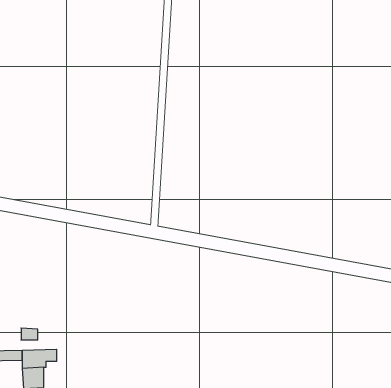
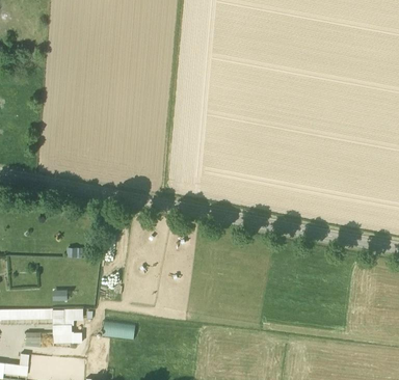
building: none -> [102,322,133,337]

